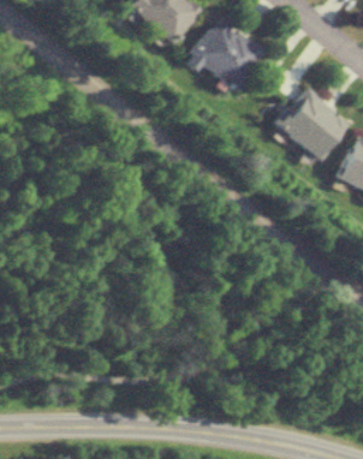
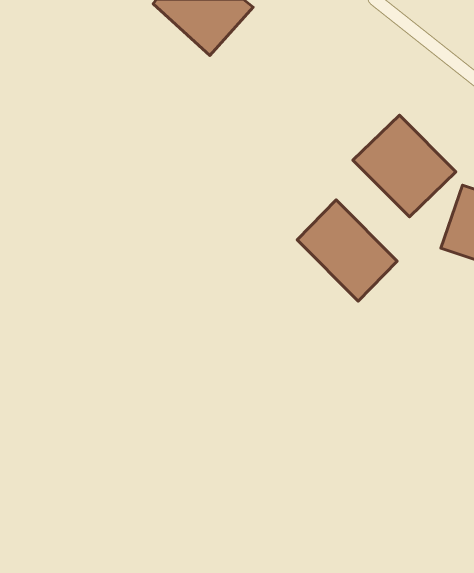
building: [185,17,266,89] -> none
building: none -> [297,200,397,301]

